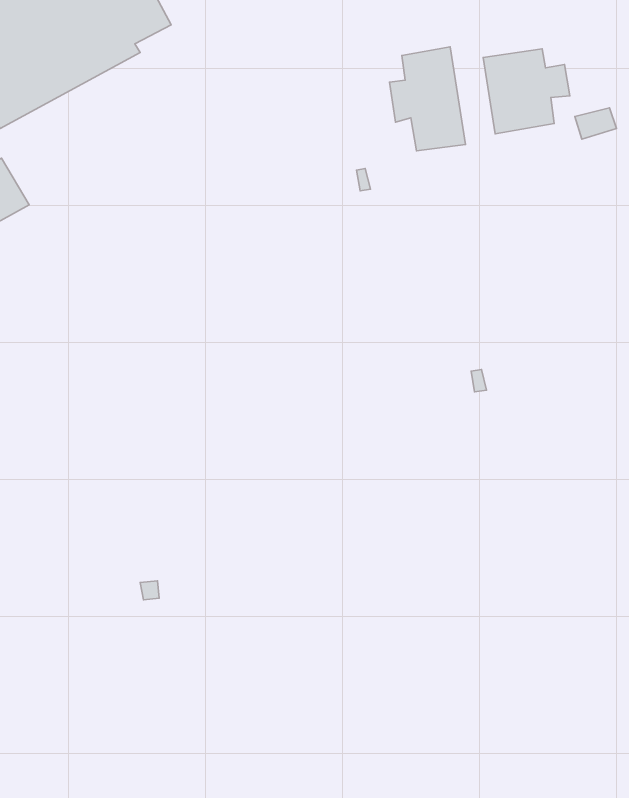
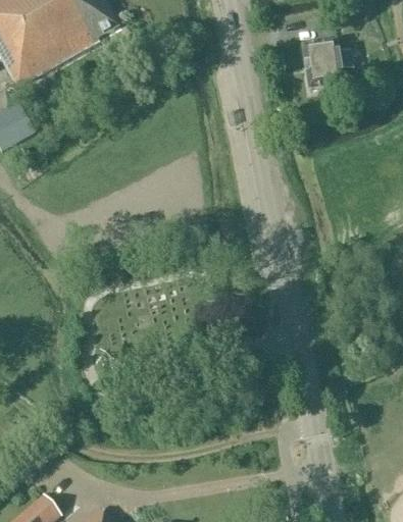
building: [389,47,466,151] -> none

